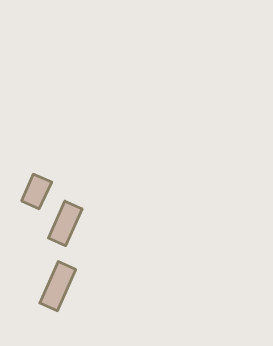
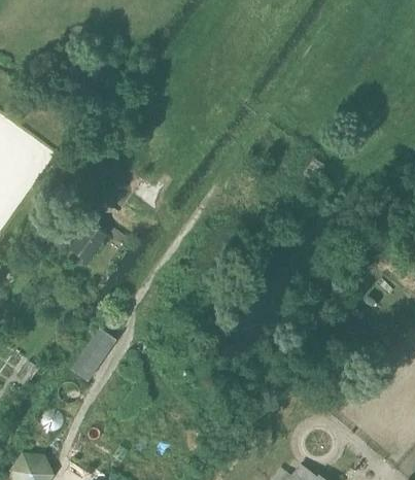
building: [48,201,82,246] -> none

